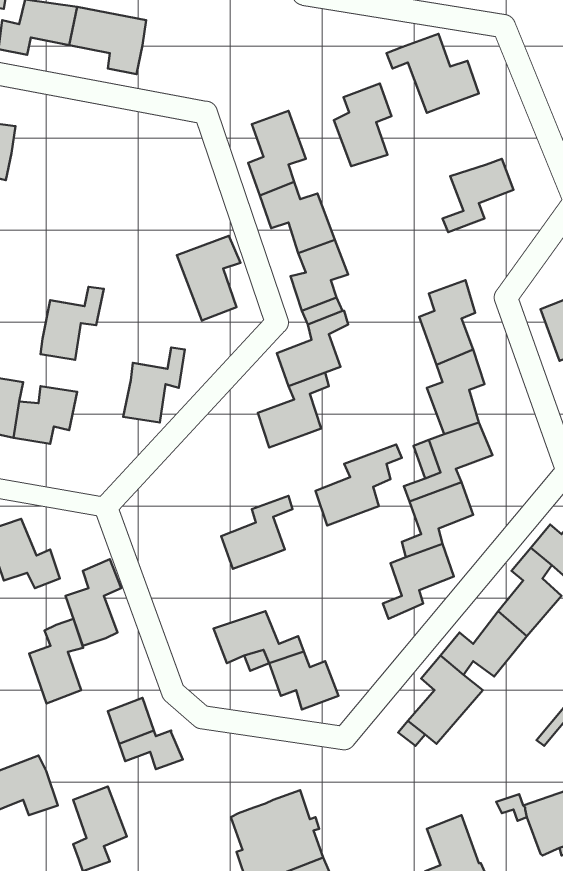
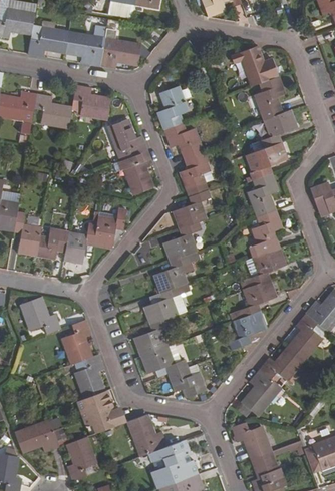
building: none -> [99,38,140,68]
building: [334,84,391,166] -> [254,76,284,119]
building: none -> [72,84,110,118]
building: none -> [34,93,71,127]
building: none -> [107,118,147,160]
building: none -> [249,141,287,180]
building: [40,287,104,360] -> [63,224,96,263]
building: [315,445,402,525] -> [153,251,199,293]
building: none -> [133,317,171,355]
building: [29,619,83,704] -> [75,354,103,398]
building: none -> [127,414,166,456]
building: none -> [230,422,269,459]

